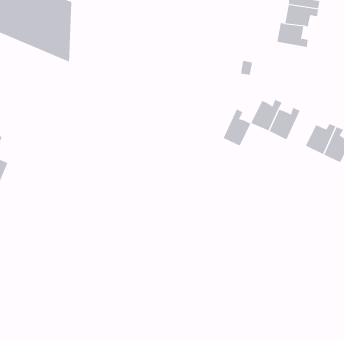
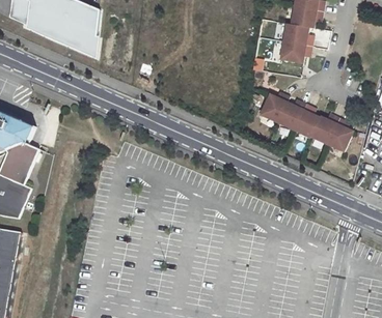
building: none -> [280,39,311,61]
building: [223,109,251,146] -> [293,102,319,136]

